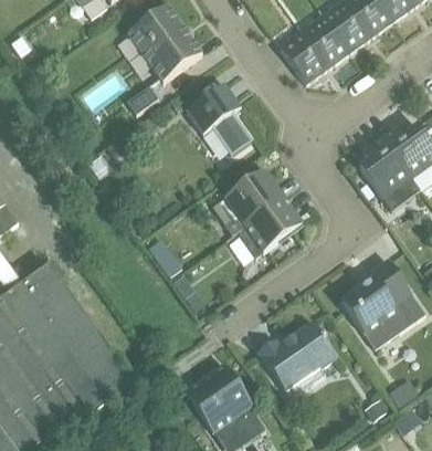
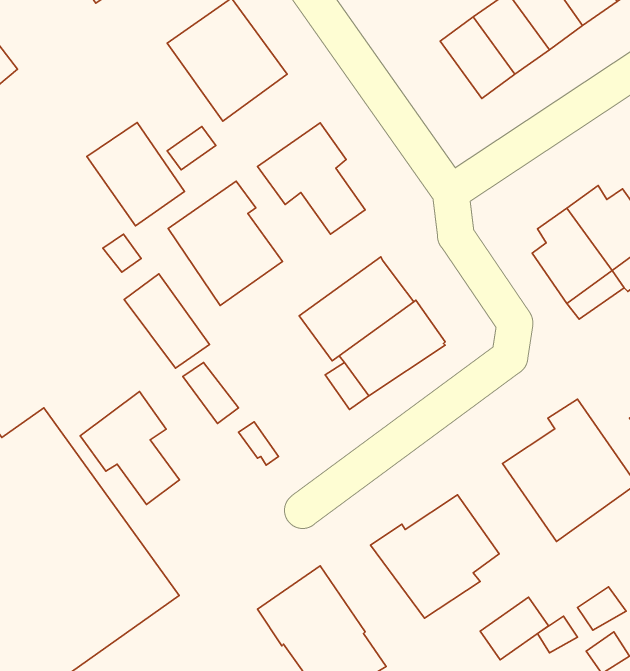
building: [277,31,326,83] -> none
building: none -> [87,122,184,226]
building: none -> [168,181,282,305]
building: none -> [124,274,209,368]
building: none -> [80,392,180,504]
building: none -> [480,597,548,660]

